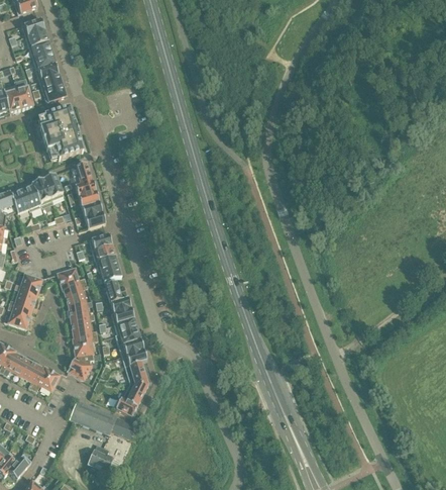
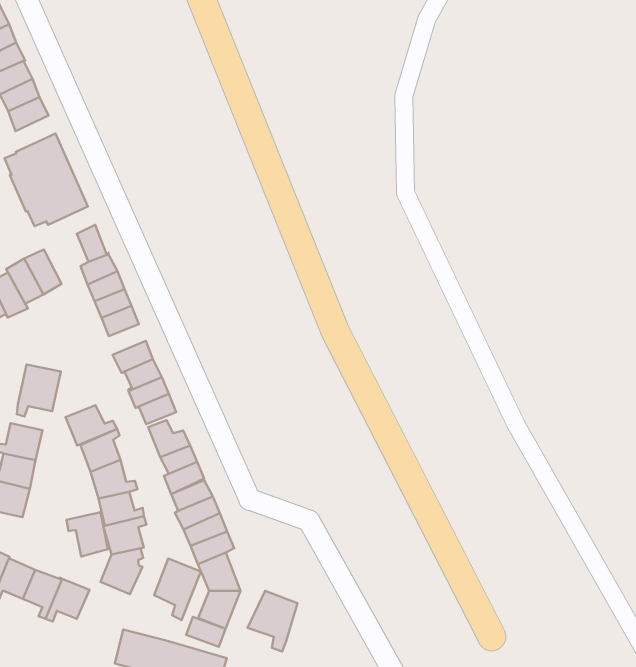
building: none -> [17,365,61,416]
building: none -> [66,512,108,556]
building: none -> [154,559,201,620]
building: none -> [248,591,298,652]

